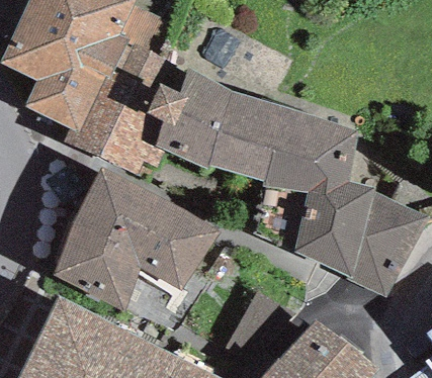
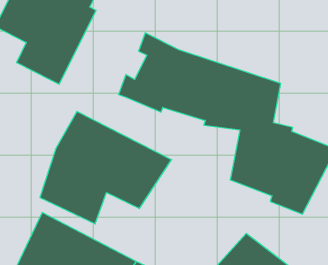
building: [63,40,189,175] -> none

